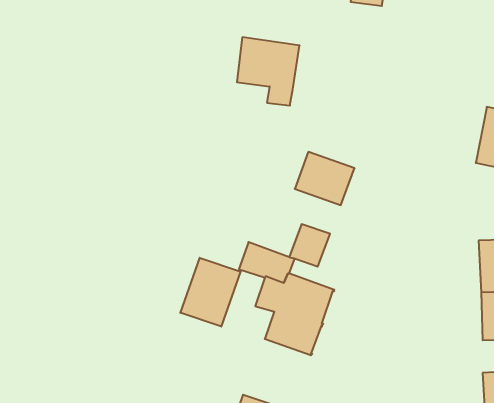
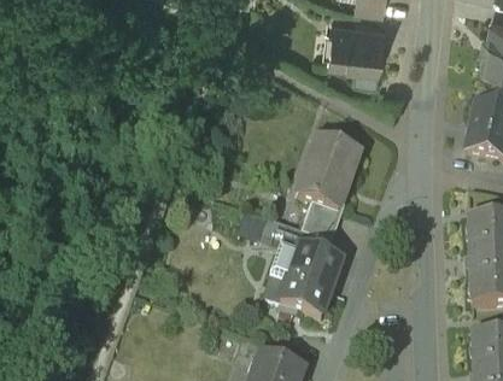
building: [237,37,300,106] -> [328,22,384,82]
building: none -> [297,175,346,215]
building: [180,258,241,327] -> none

